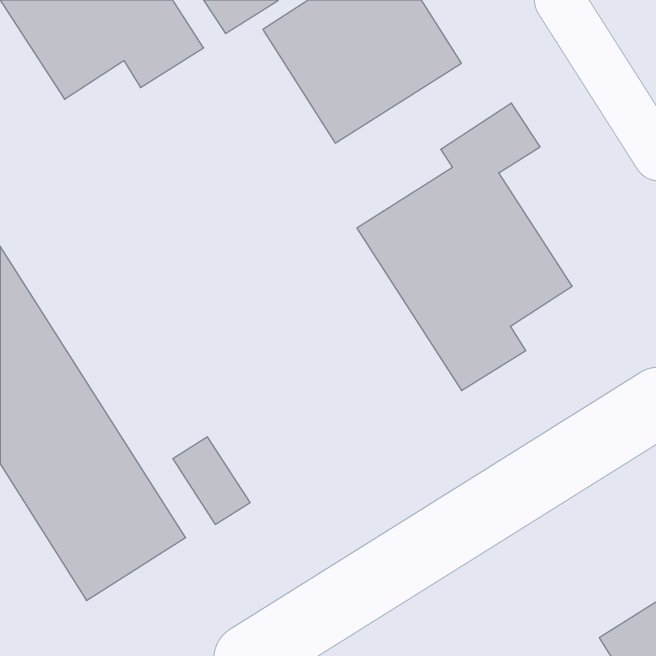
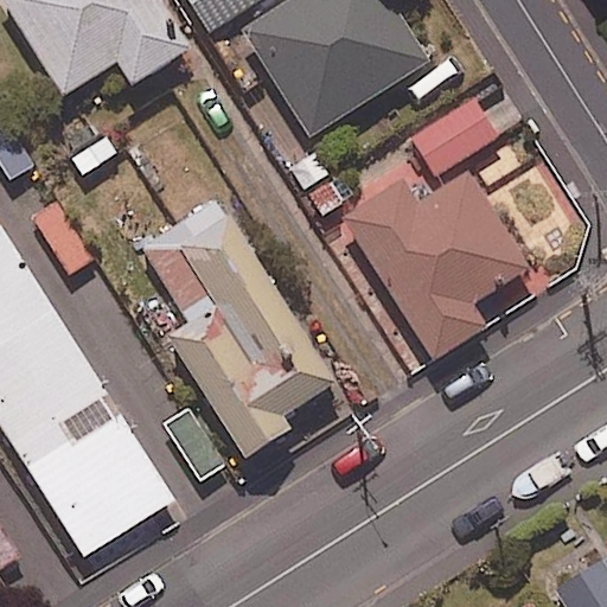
building: none -> [134,200,337,460]

